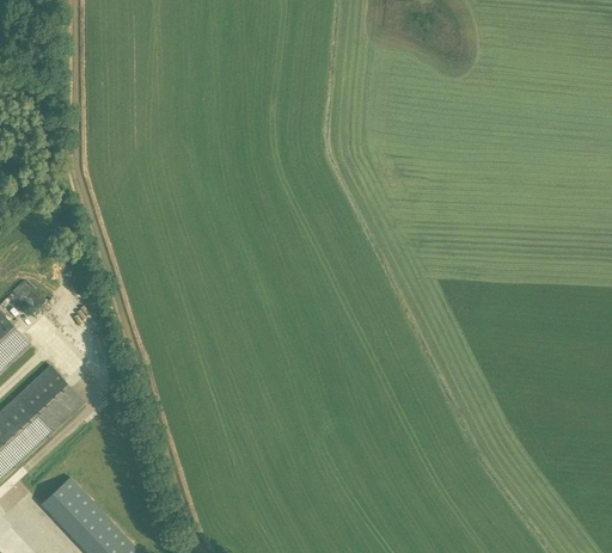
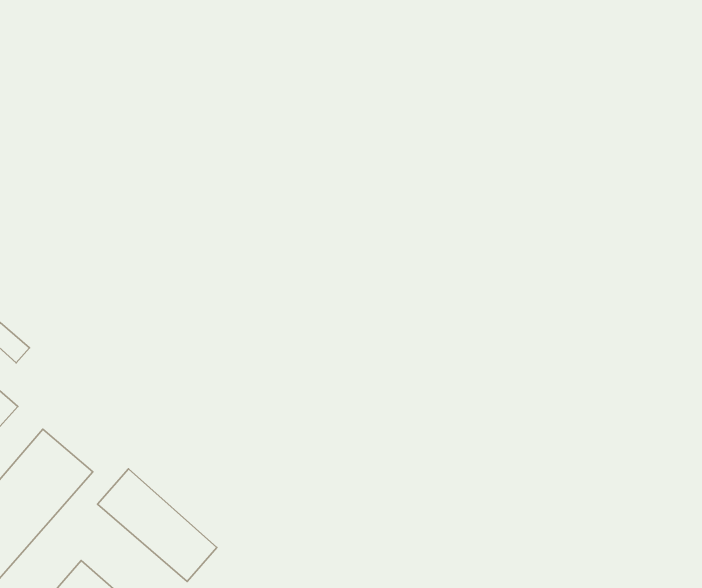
building: none -> [98,469,217,582]

